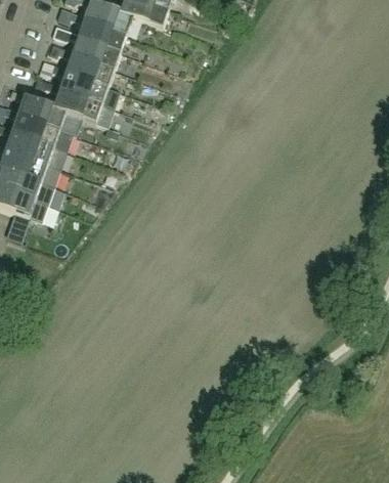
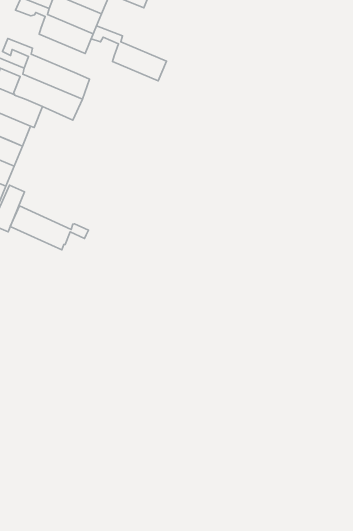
building: [48,40,114,84] -> [91,26,167,81]
building: none -> [10,206,89,250]

